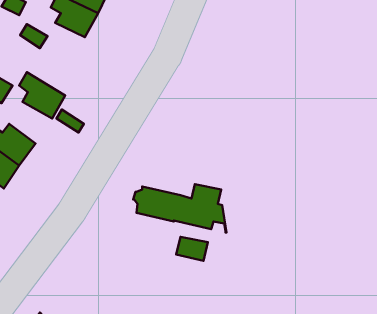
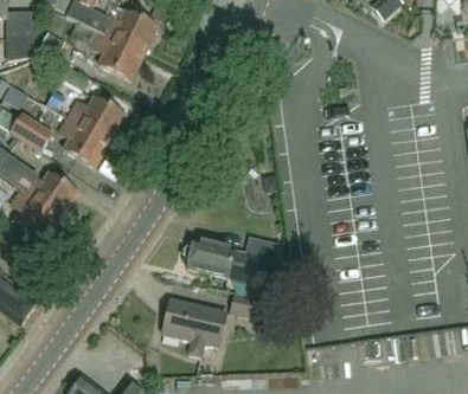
building: none -> [68,96,124,141]
building: none -> [160,298,225,356]

